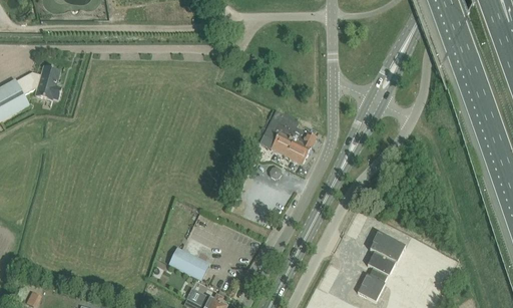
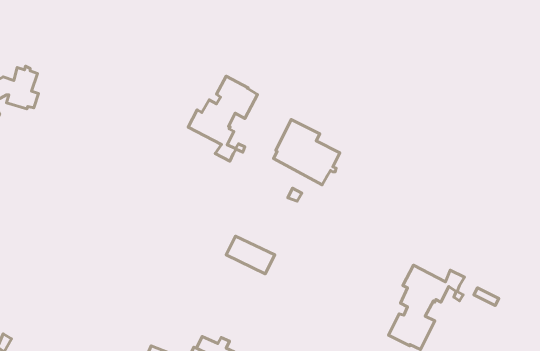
building: none -> [188,76,258,161]
building: [167,247,208,279] -> [226,236,275,274]

